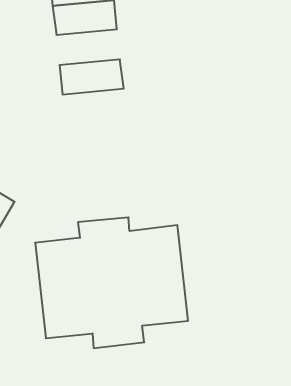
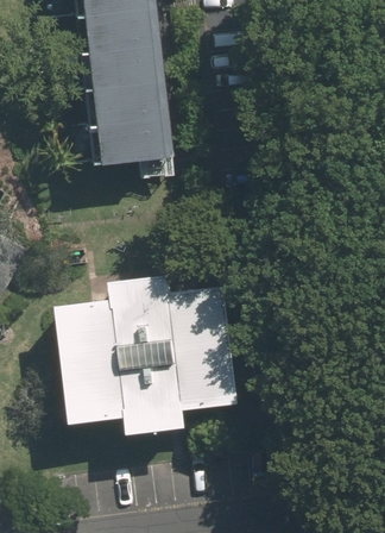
building: none -> [80,45,157,89]
building: none -> [87,118,165,162]

